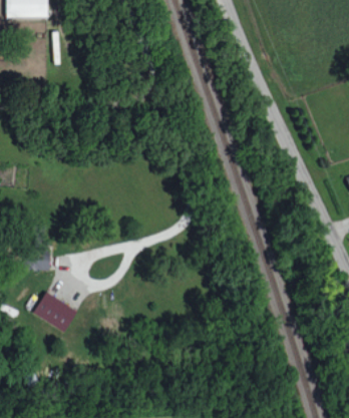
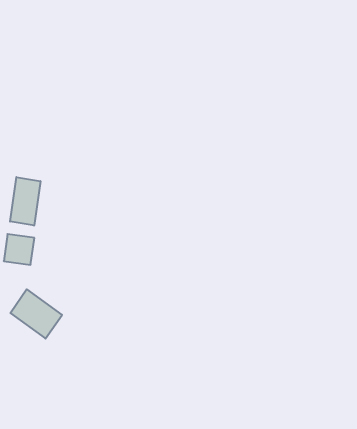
building: none -> [10,177,40,226]

